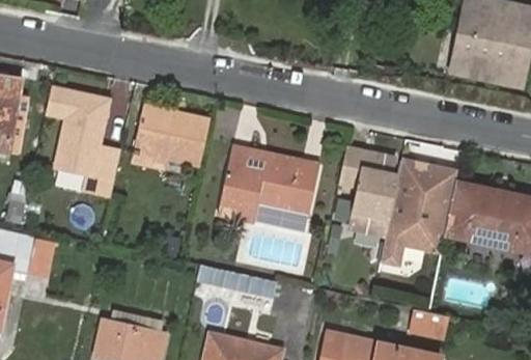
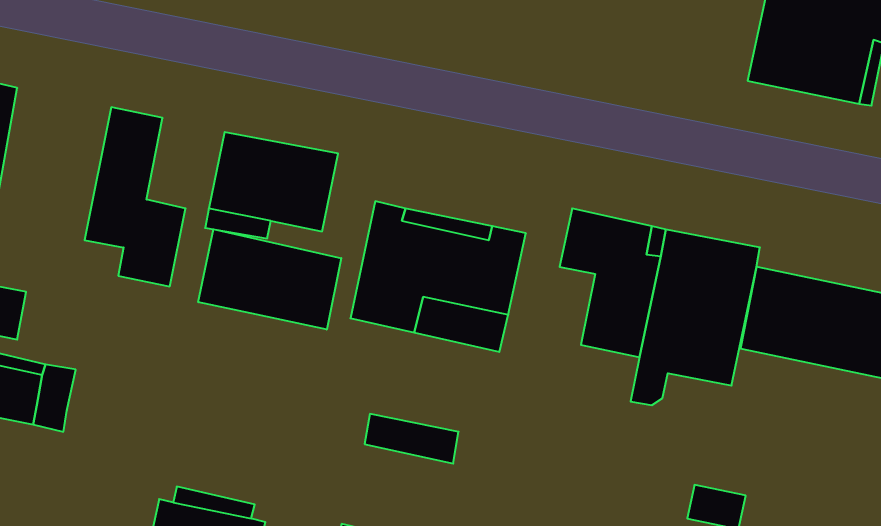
building: [45,85,77,168] -> none
building: none -> [198,229,341,330]

